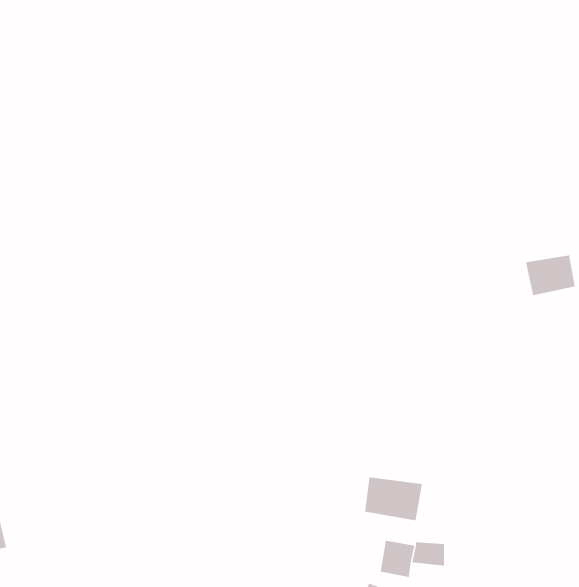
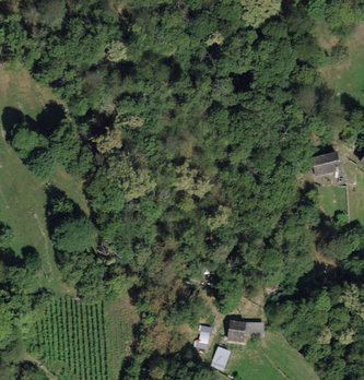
building: [365,476,423,521] -> none

